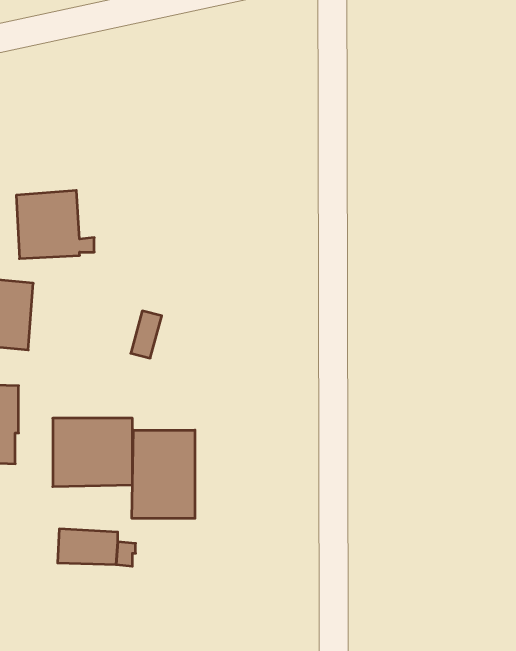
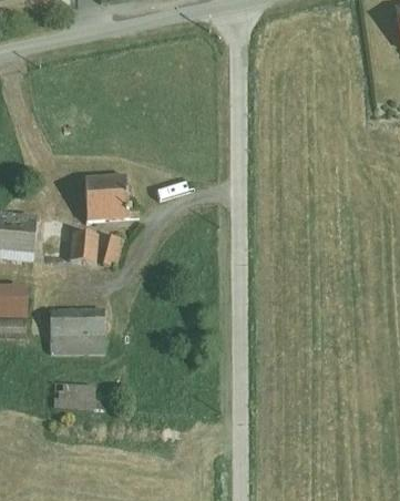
building: [16,190,94,259] -> [86,174,140,221]
building: none -> [71,231,99,260]
building: [132,430,195,518] -> none

